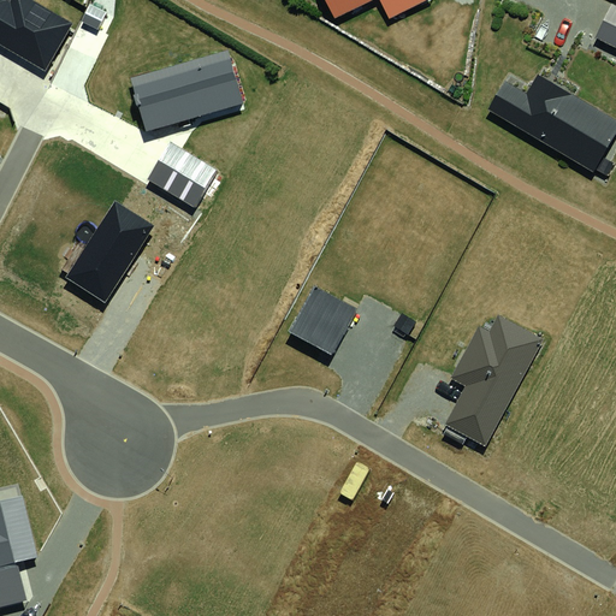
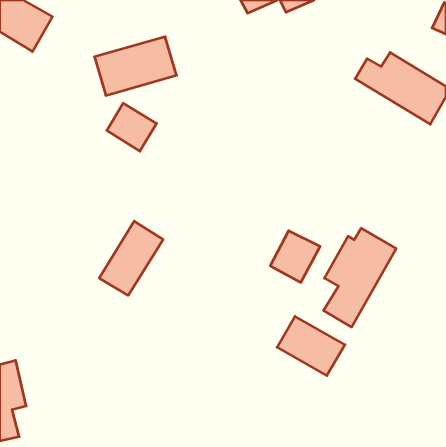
building: [65,200,153,302] -> [99,221,163,295]
building: [289,286,357,357] -> [270,231,320,282]
building: none -> [277,316,345,376]

